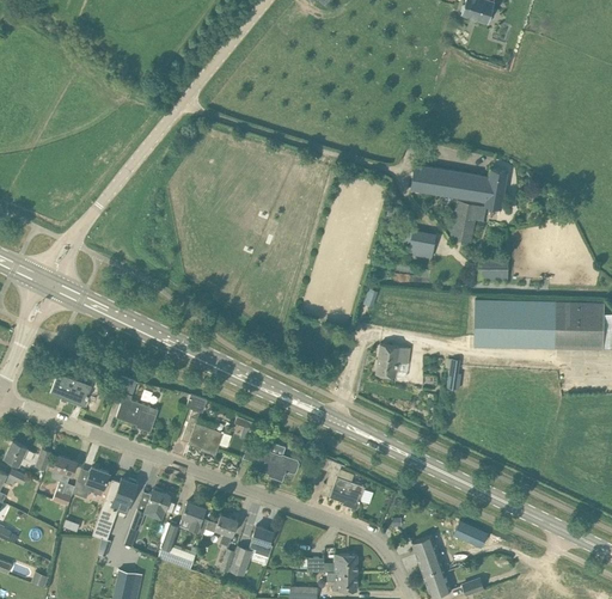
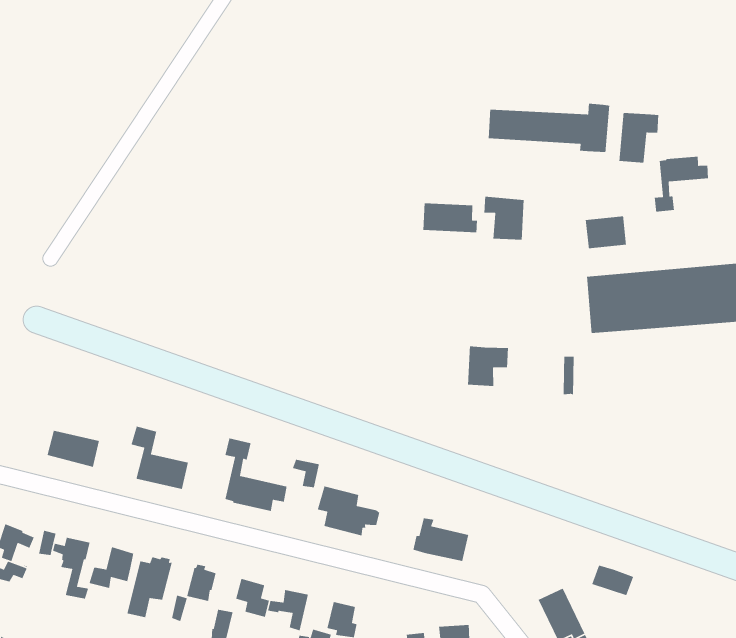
building: [451,202,485,243] -> [619,112,659,164]
building: none -> [654,156,709,213]
building: none -> [423,202,478,233]

